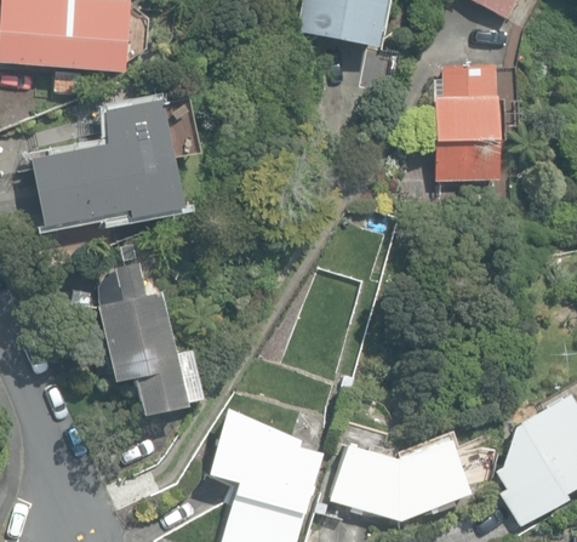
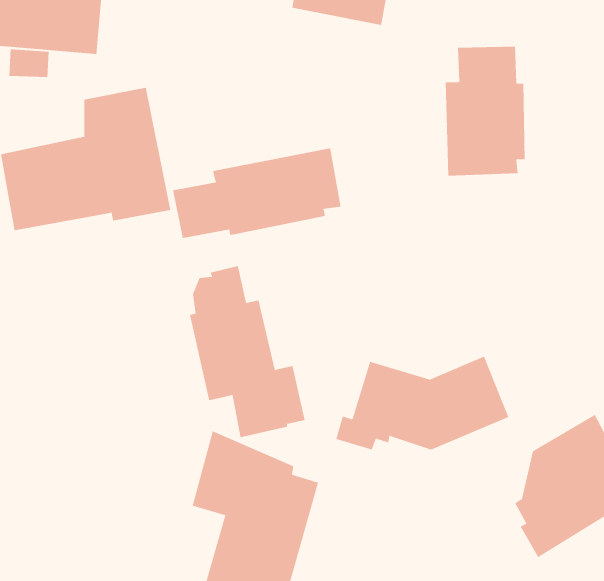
building: none -> [173,147,341,239]
building: [99,261,202,413] -> [189,266,306,438]
building: [316,438,470,521] -> [335,356,509,450]

